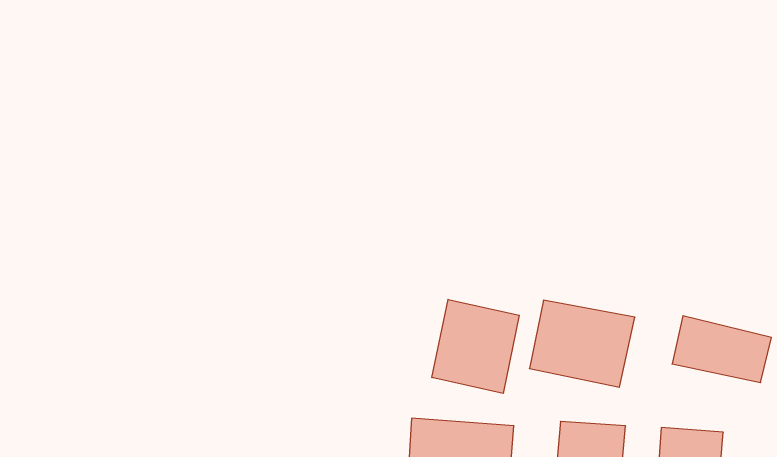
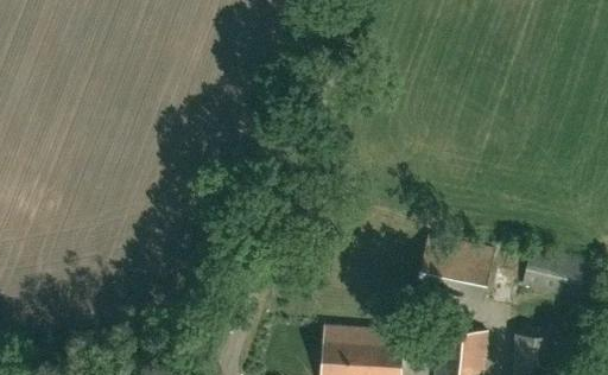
building: [432,299,519,393] -> none

